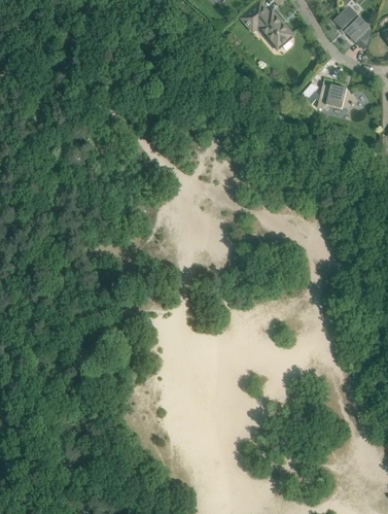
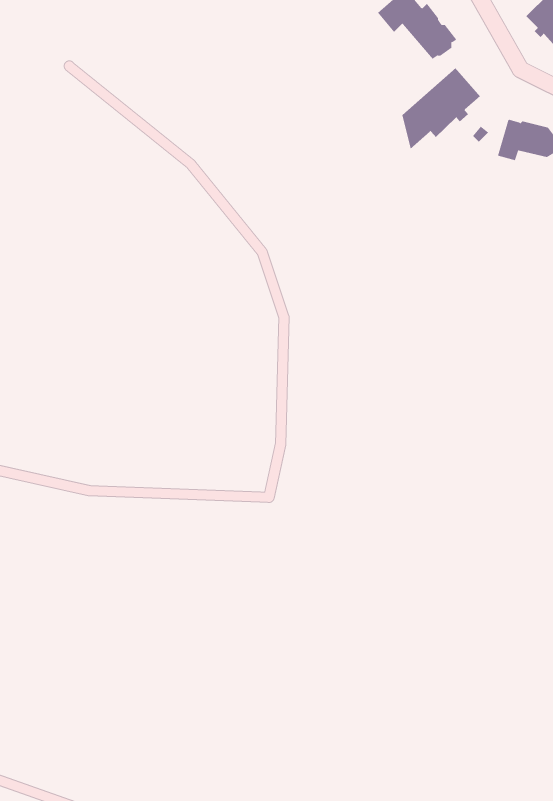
building: none -> [402,68,481,149]

